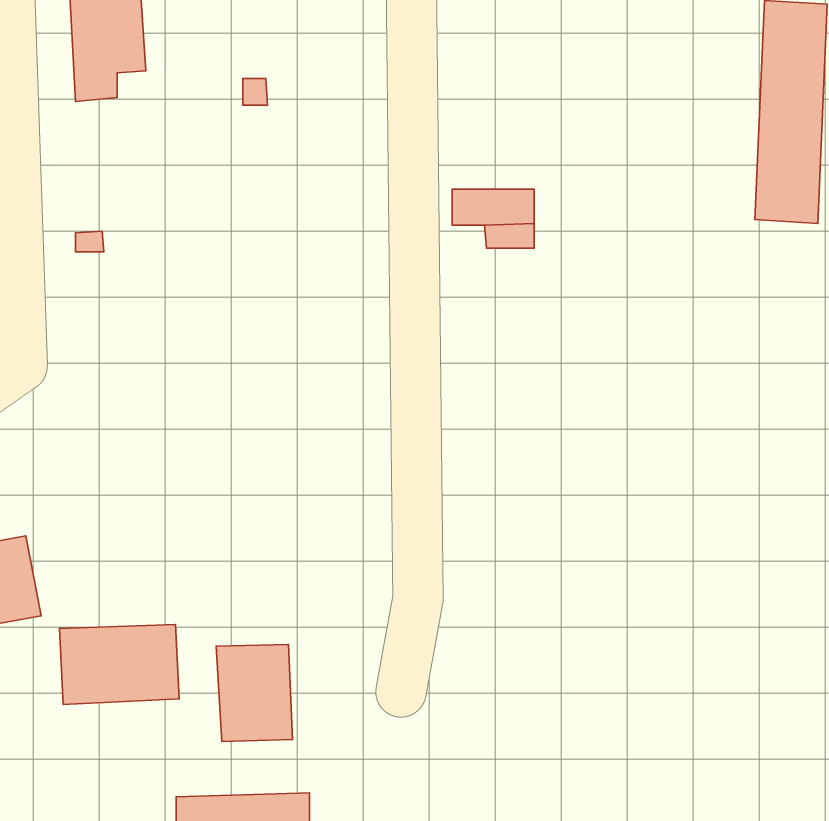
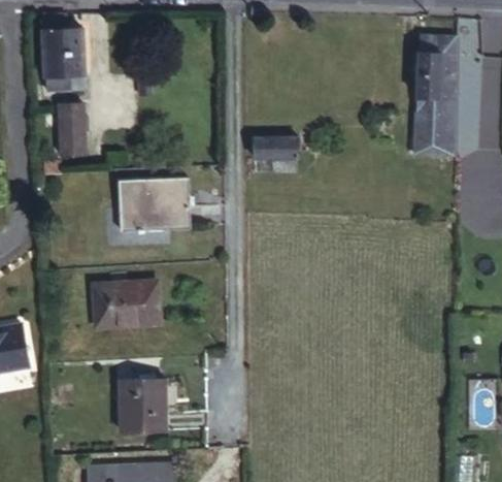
building: none -> [61,101,86,154]
building: none -> [118,178,189,221]
building: [59,625,179,705] -> [92,281,157,324]

